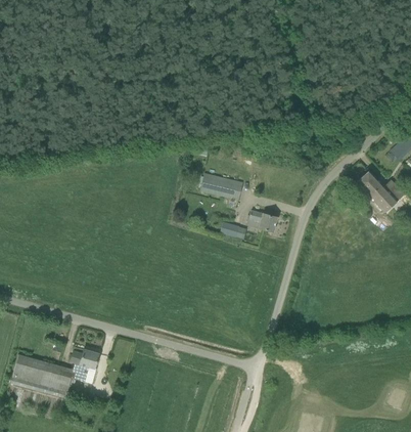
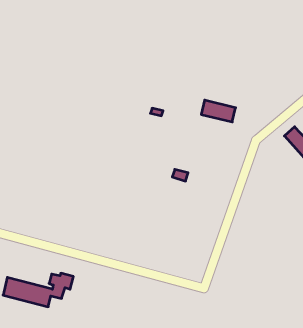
building: [201,173,243,200] -> [201,100,236,122]
building: [248,210,277,231] -> none

